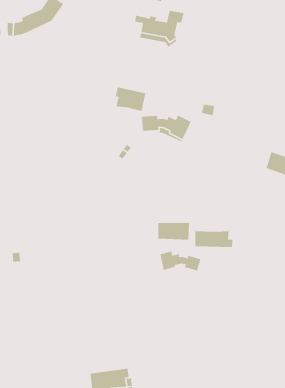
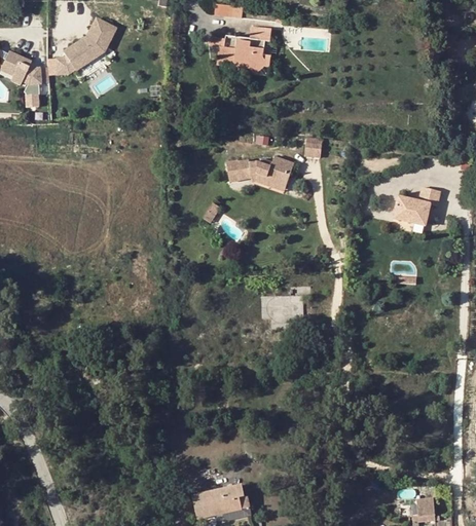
building: [115,87,146,112] -> none
building: [194,230,233,248] -> none
building: [159,251,201,271] -> none

